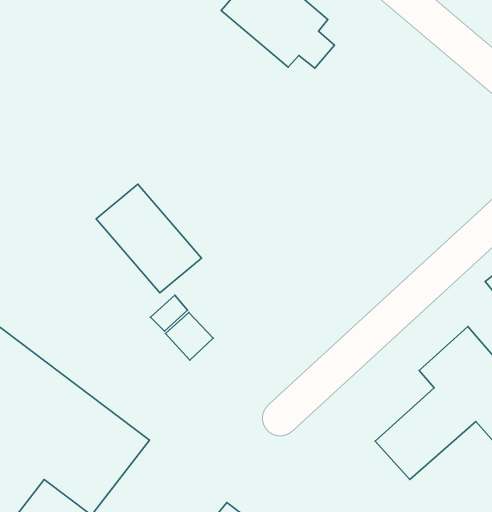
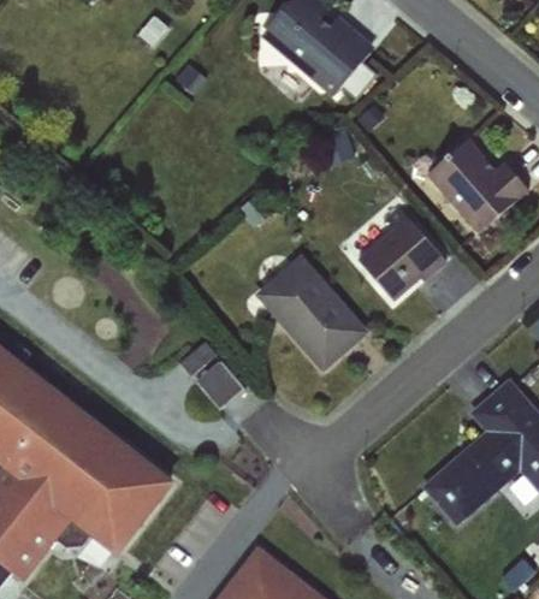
building: none -> [426,142,531,239]
building: none -> [355,202,448,303]
building: [96,184,201,293] -> [256,256,366,369]

